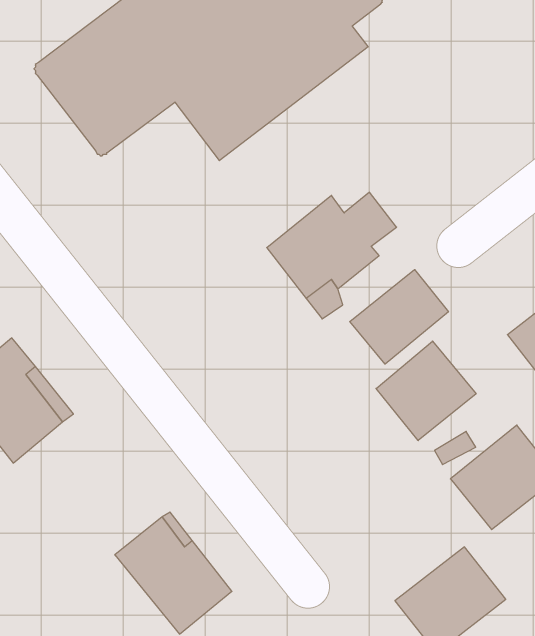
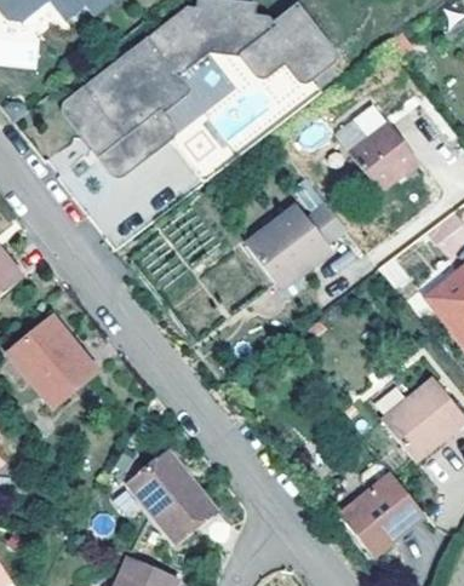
building: none -> [349,107,418,194]
building: [350,270,448,364] -> none
building: [376,341,476,441] -> none

